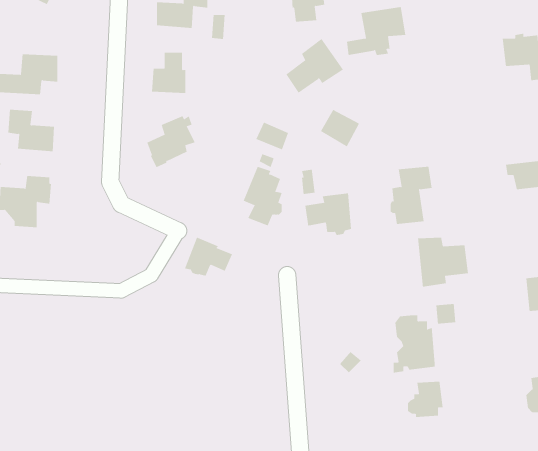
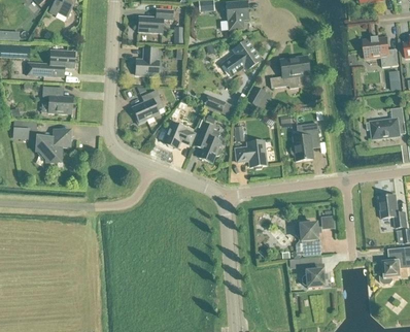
building: [346,7,406,56] -> [270,56,309,88]
building: [184,237,233,276] -> [163,122,195,147]
building: [418,237,468,287] -> none

